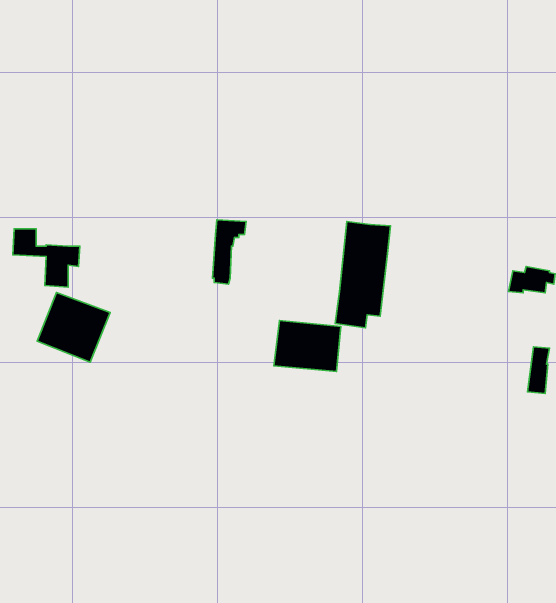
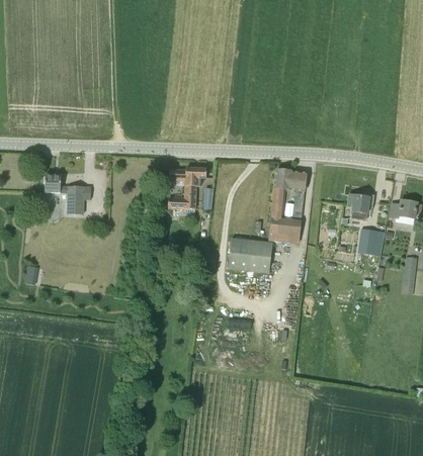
building: none -> [348,193,374,213]
building: [37,293,110,362] -> none
building: none -> [357,229,378,255]

